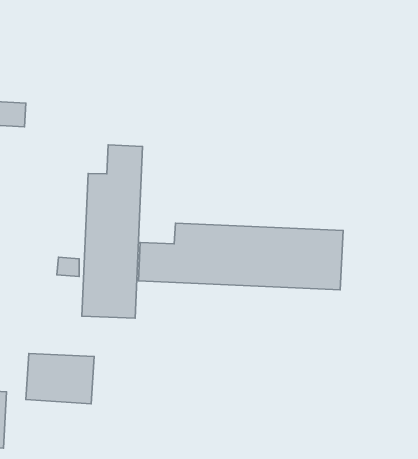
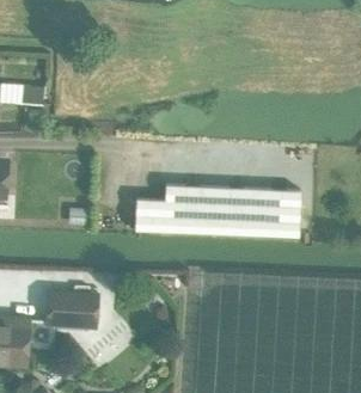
building: [82,145,143,318] -> none

